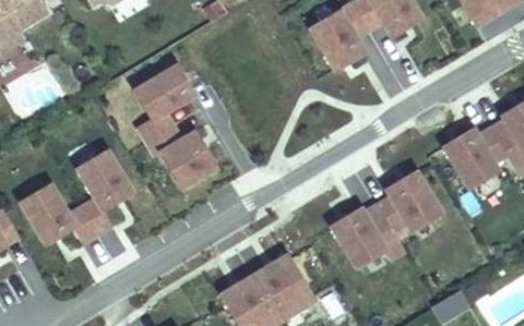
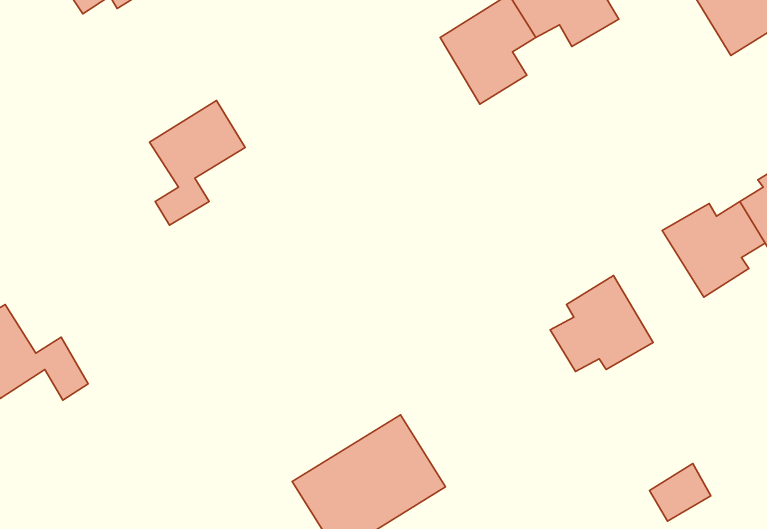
building: [146,126,212,184] -> none
building: [78,153,129,237] -> none
building: [332,204,404,265] -> none

